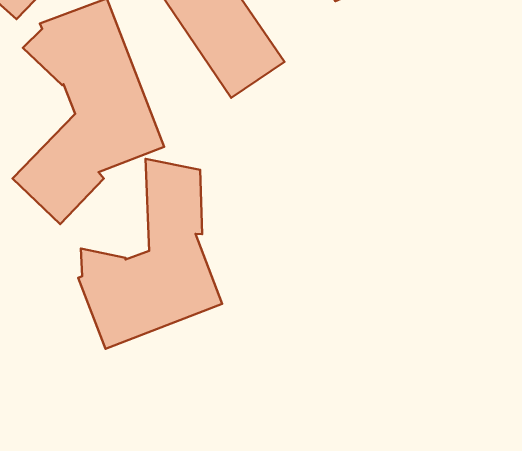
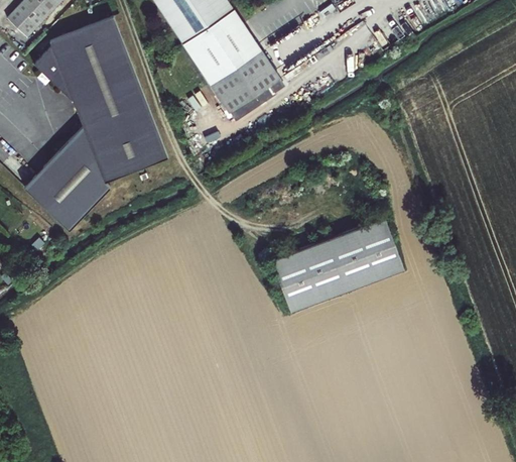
building: [78,159,222,349] -> none
building: none -> [271,218,404,314]

